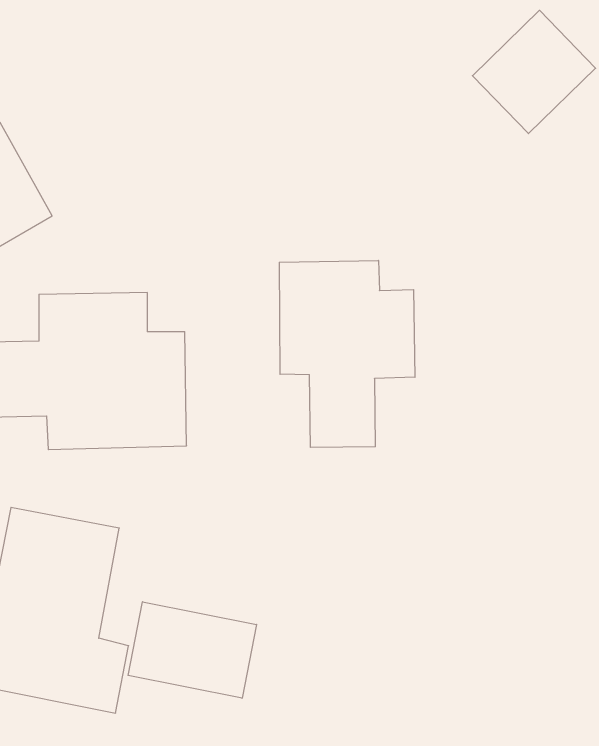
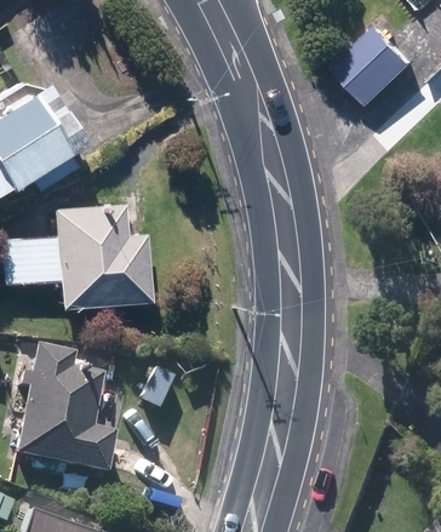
building: [279,260,415,447] -> none
building: [128,602,257,698] -> none

